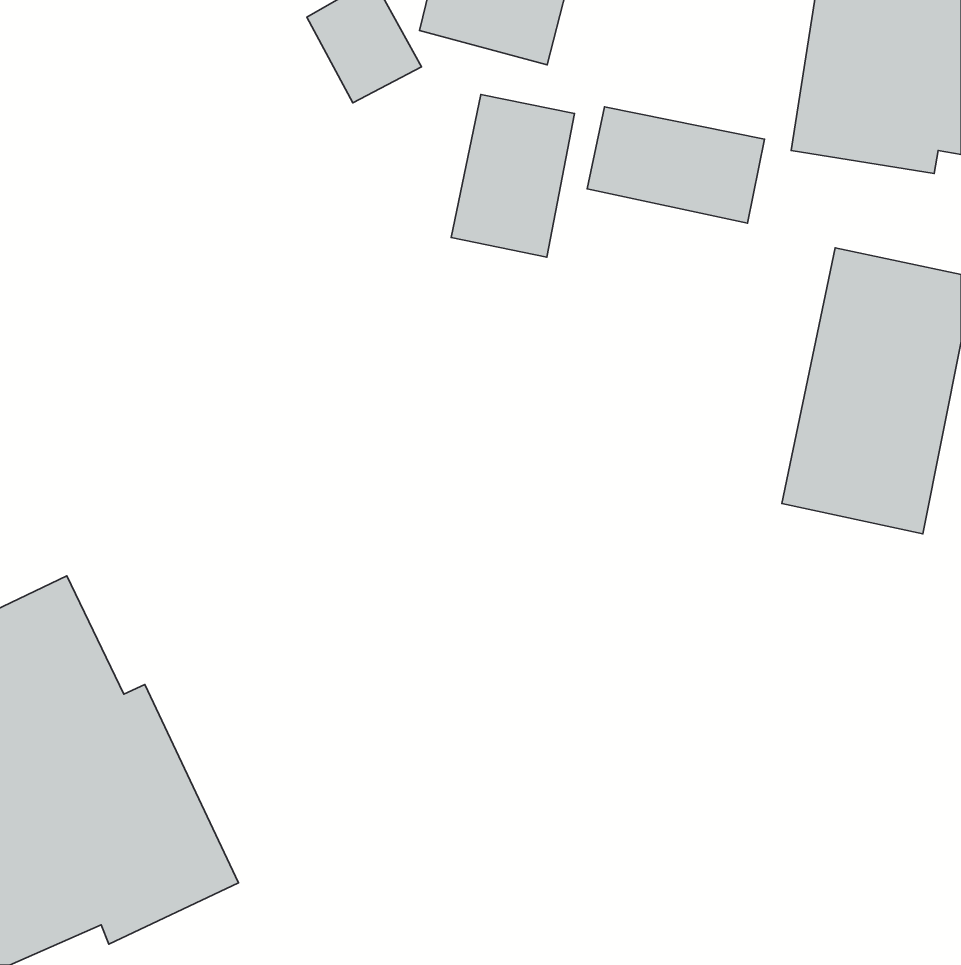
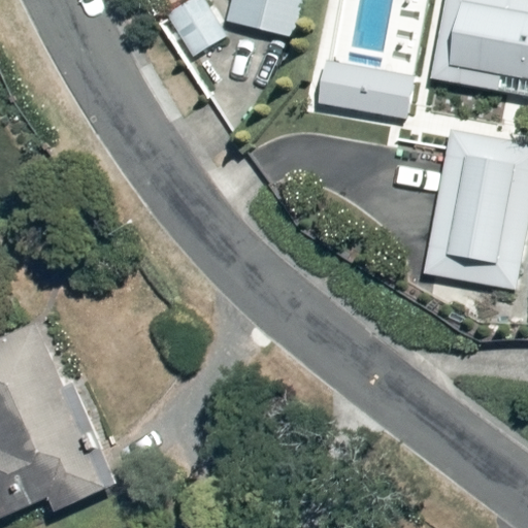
building: [451,95,574,257] -> none

